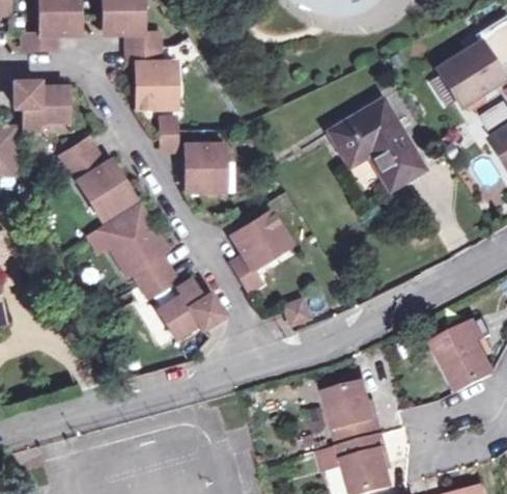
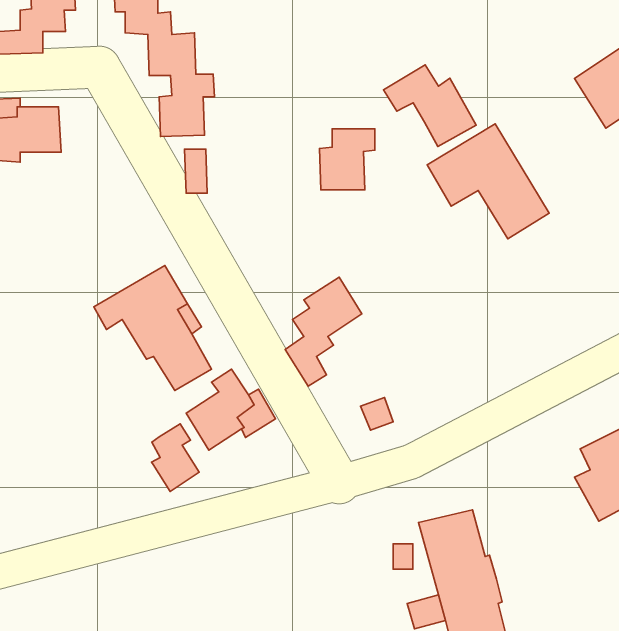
building: none -> [383,65,476,147]
building: [60,141,132,218] -> none
building: [178,147,219,192] -> [320,129,375,190]
building: none -> [152,424,199,492]

